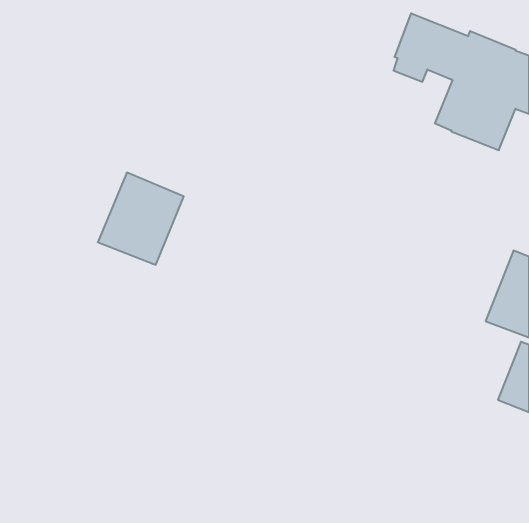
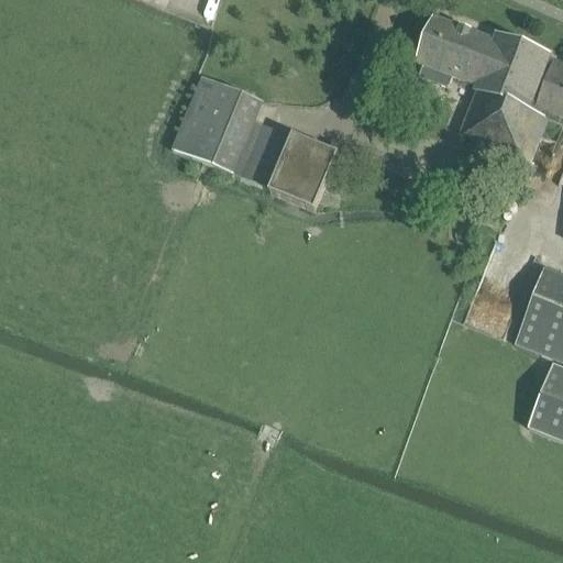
building: none -> [242,122,340,208]
building: [98,173,184,265] -> [173,74,264,172]

